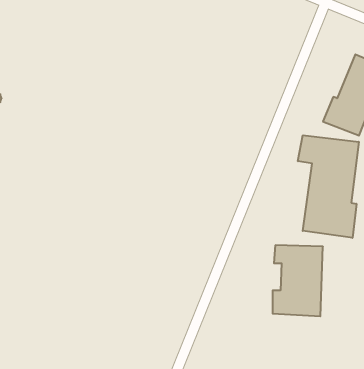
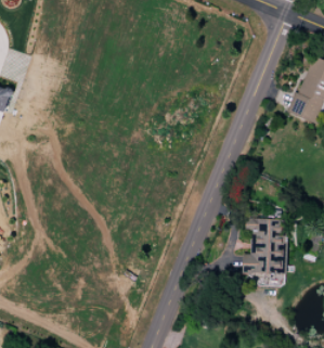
building: [298,135,359,238] -> none

